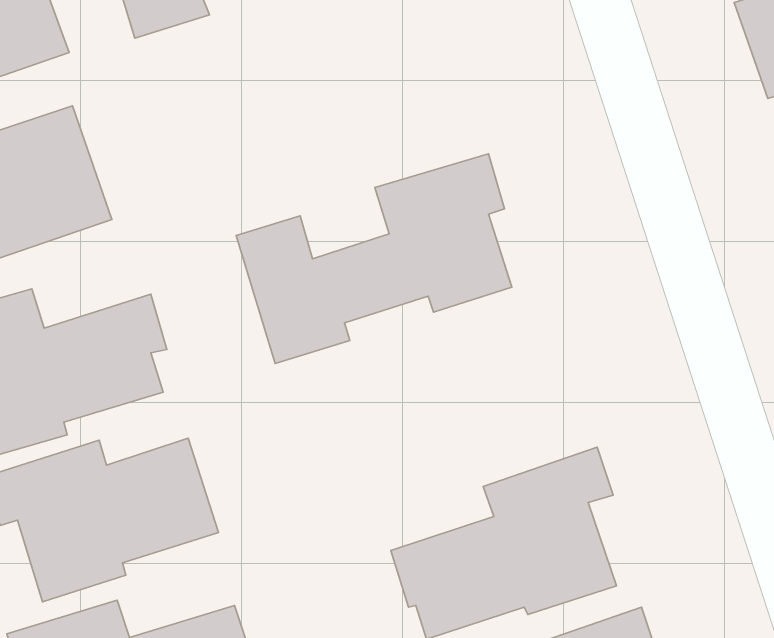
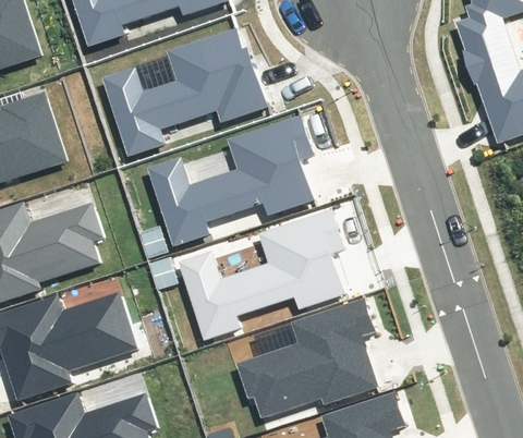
building: none -> [101,29,266,154]
building: none -> [175,212,343,340]

